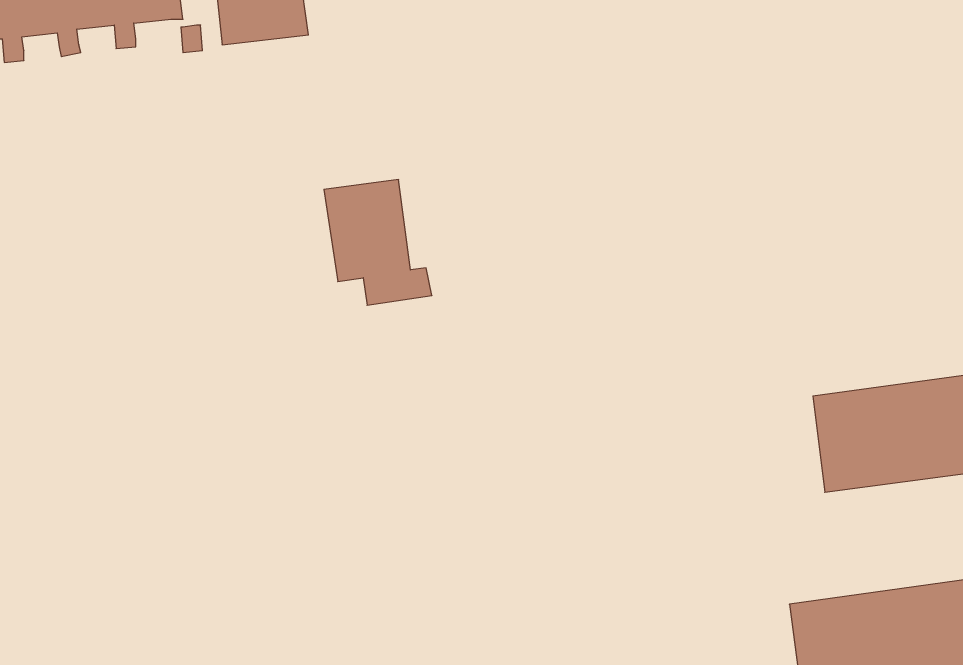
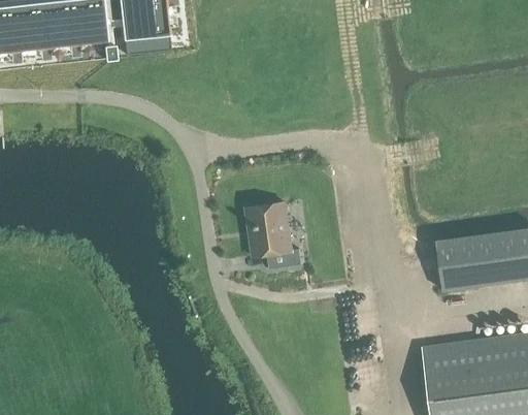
building: [324,180,432,305] -> [245,202,302,268]

